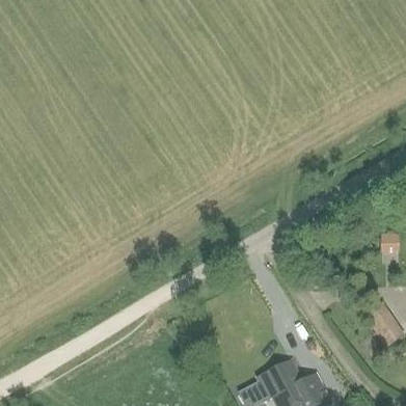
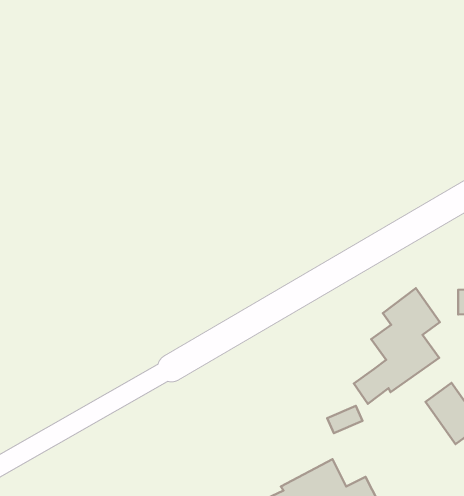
building: none -> [354,288,440,404]

